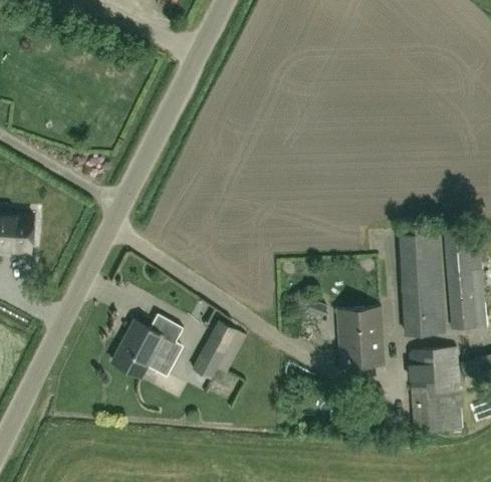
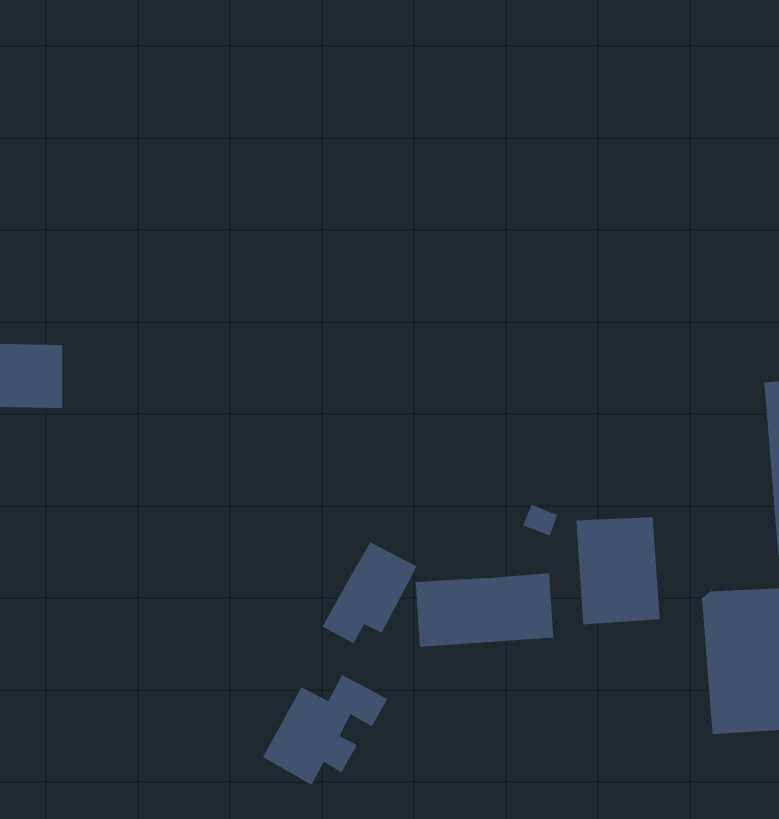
building: [400,233,444,335] -> none
building: [111,314,183,378] -> [262,674,388,786]
building: none -> [415,572,554,647]

